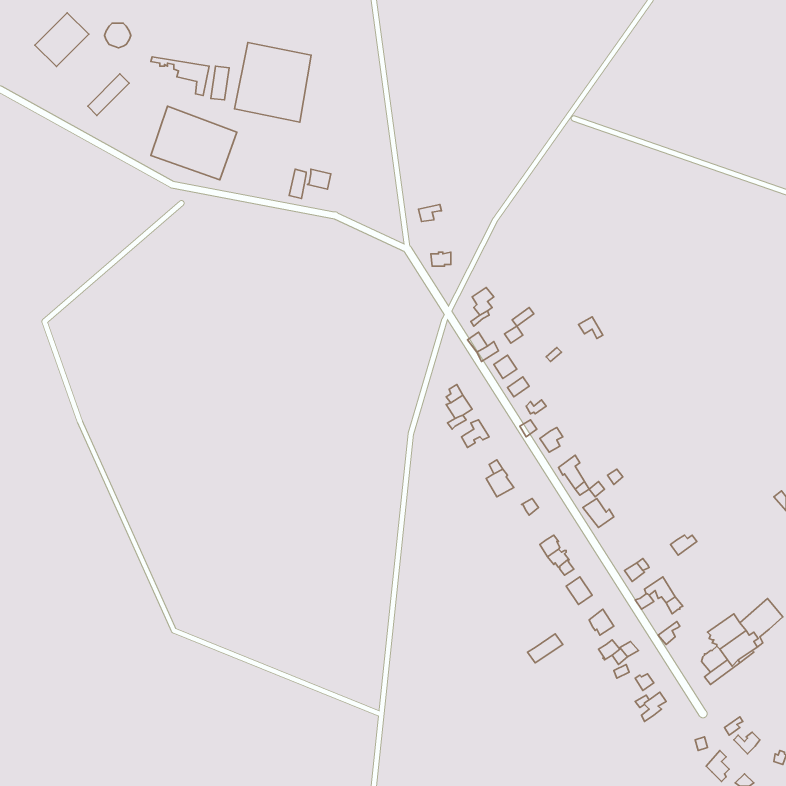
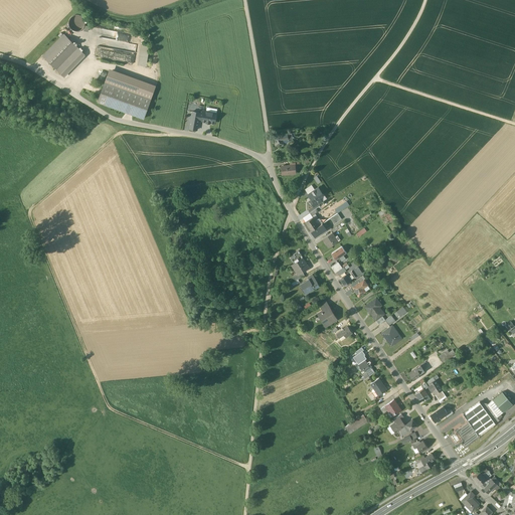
building: [35,13,89,67] -> [43,34,78,69]
building: [235,43,311,122] -> none

